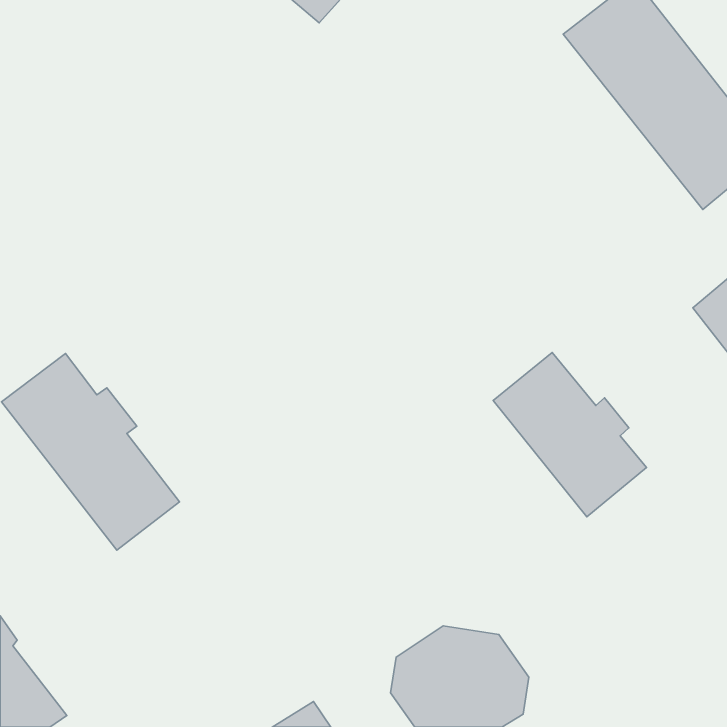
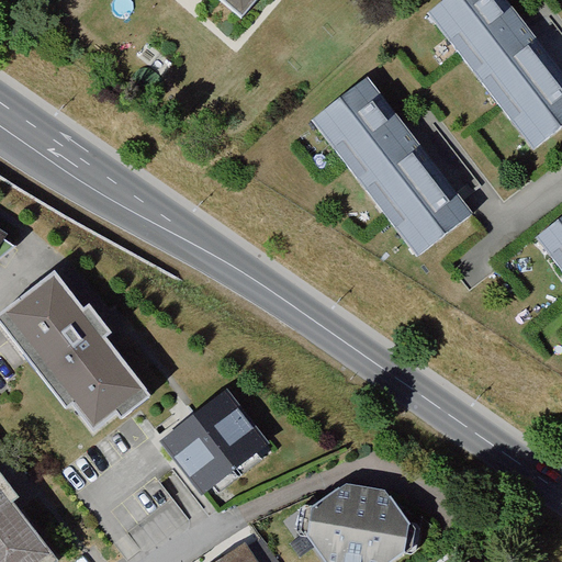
building: none -> [321,91,485,271]
building: [493,353,646,517] -> none
building: none -> [159,389,271,501]

